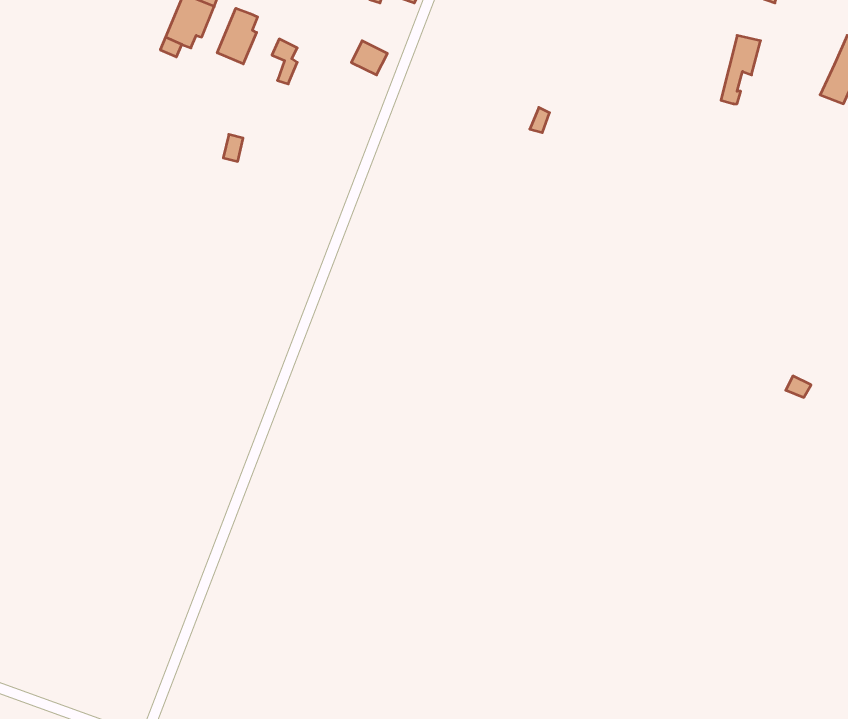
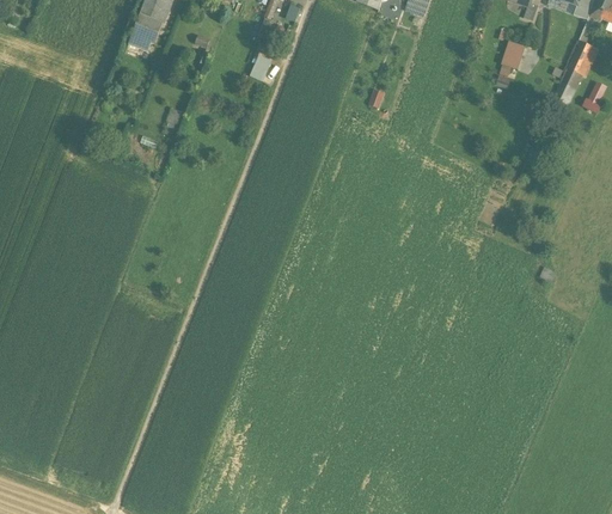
building: [217,8,258,64] -> none

